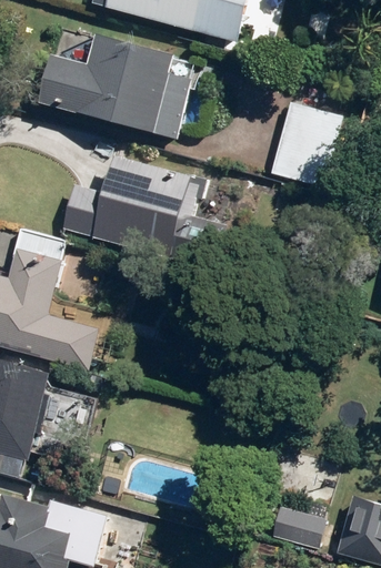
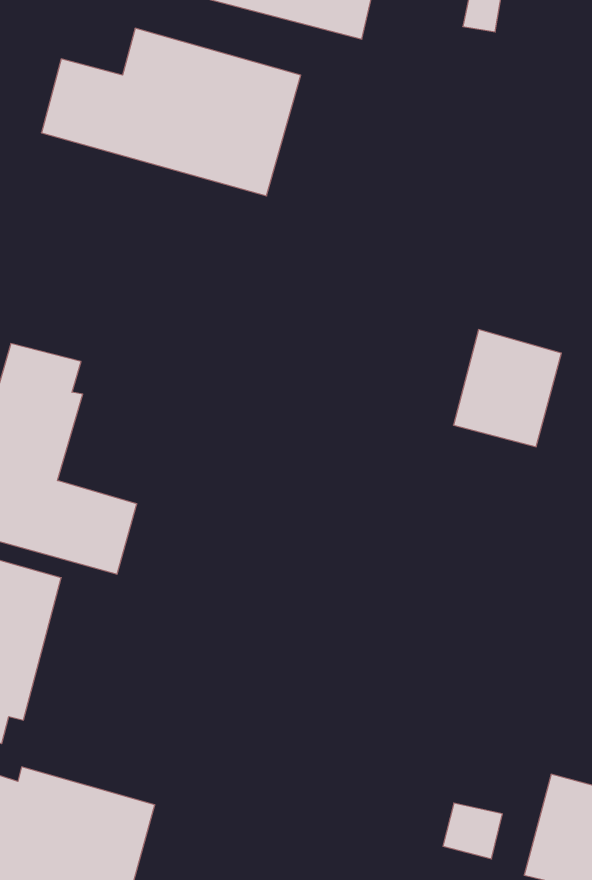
building: [268,113,334,185] -> [453,330,561,447]
building: [62,155,223,272] -> none

